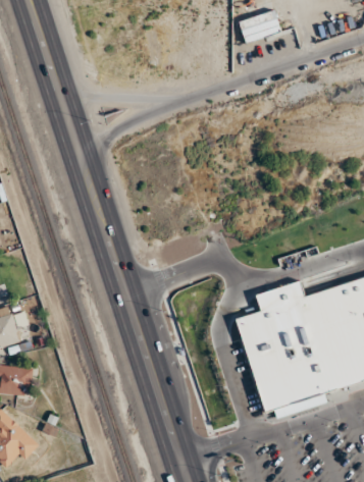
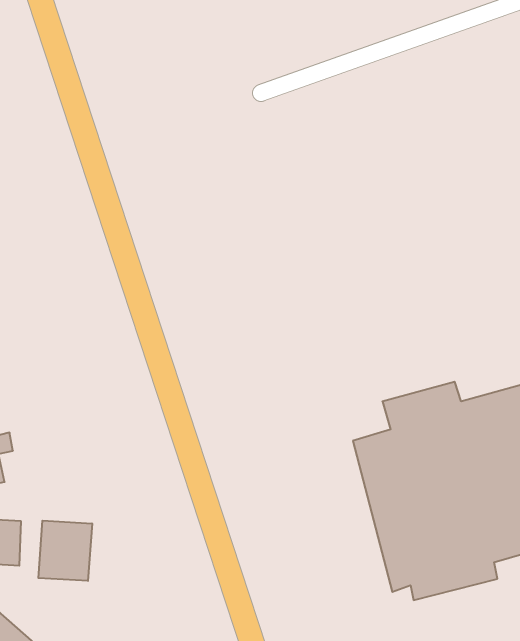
building: none -> [38,521,92,581]

